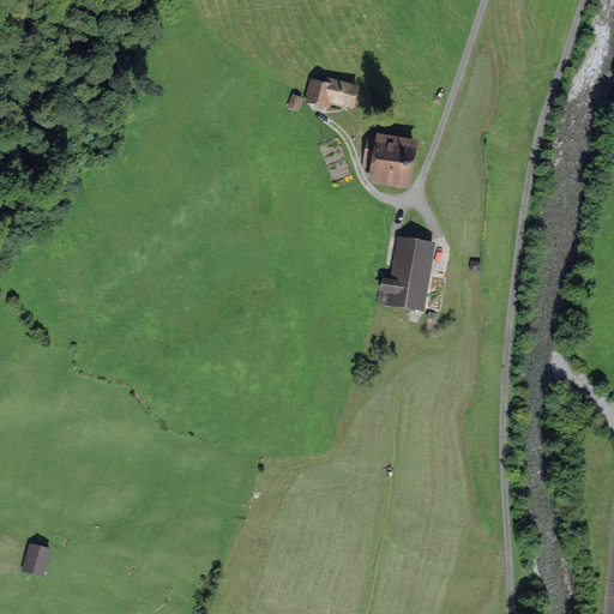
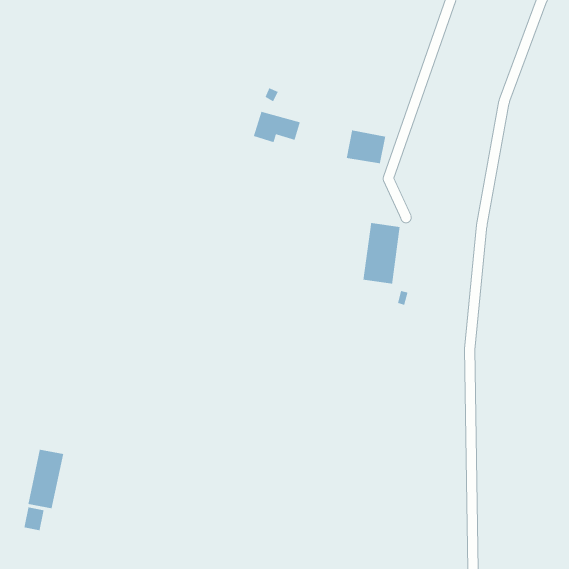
building: [302,76,354,110] -> [253,111,301,143]
building: none -> [27,449,64,509]

